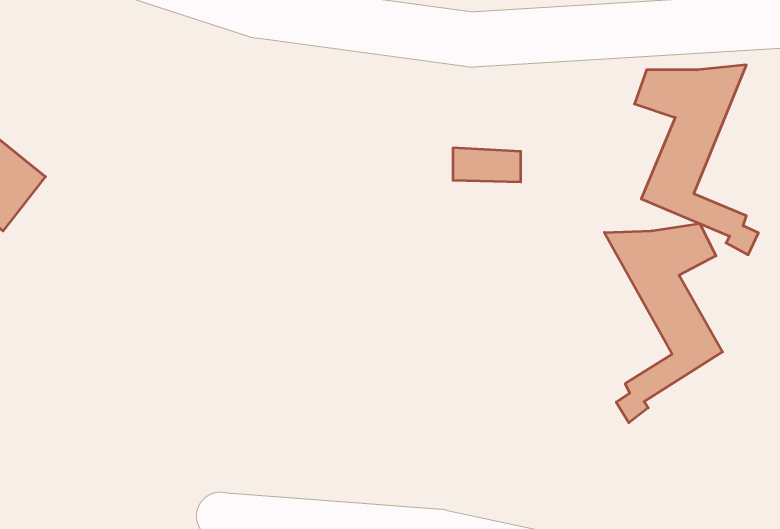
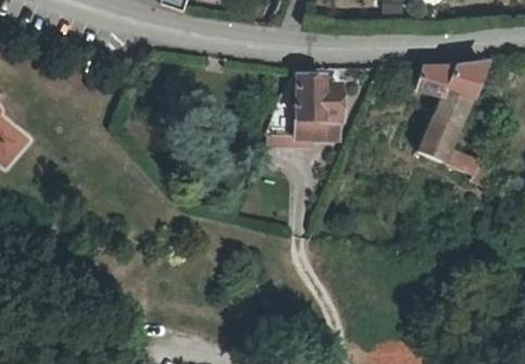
building: none -> [297,77,341,121]
building: [604,224,723,423] -> none

